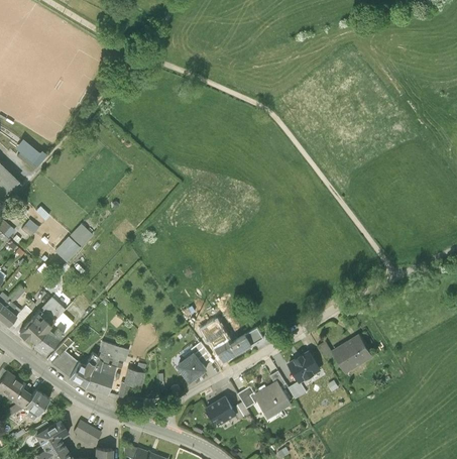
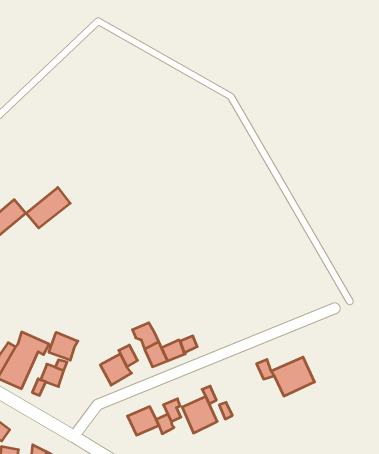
building: none -> [26,187,70,228]
building: none -> [49,332,78,360]
building: [290,351,320,380] -> none

